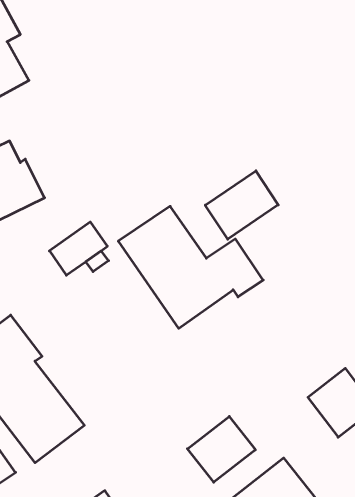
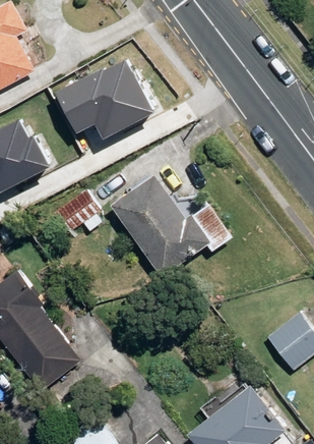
building: none -> [53,61,150,135]
building: [205,171,278,239] -> none
building: [187,416,255,482] -> none

